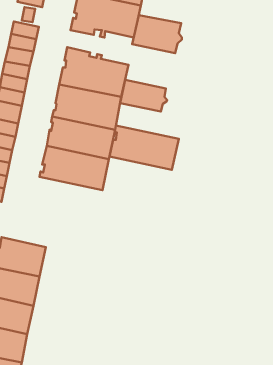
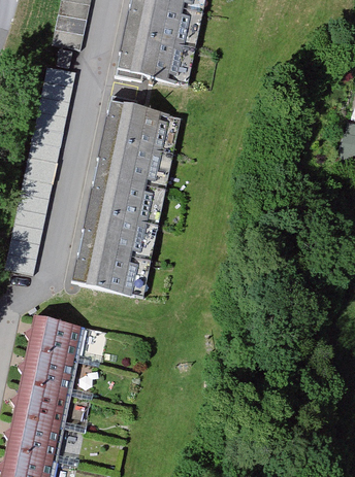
building: [132,15,182,53] -> none
building: [120,80,167,112] -> none
building: [110,126,179,170] -> [70,245,151,297]

